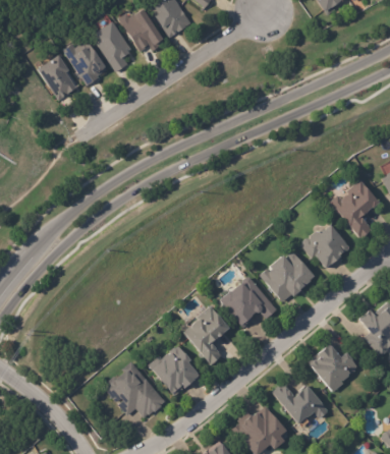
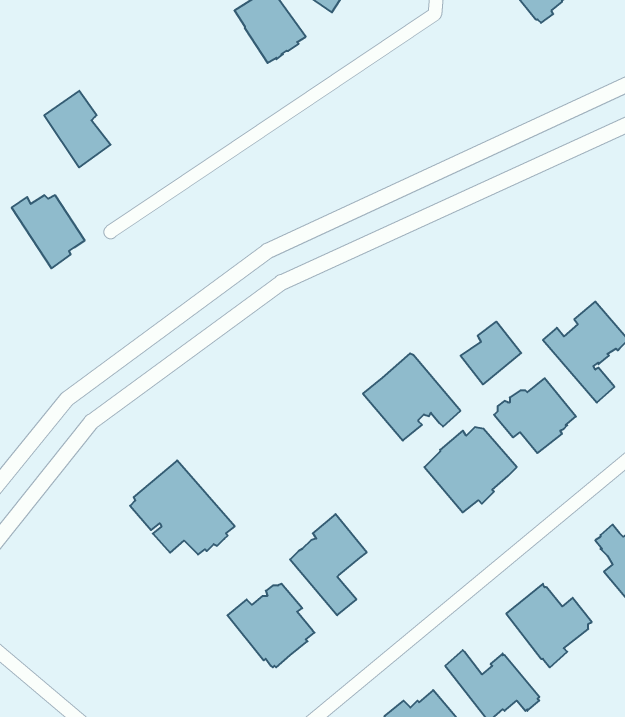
building: [120,11,166,54] -> none
building: [94,23,132,74] -> none
building: [64,44,107,87] -> [12,195,85,268]
building: none -> [461,322,521,384]
building: [221,277,278,328] -> [363,353,460,441]
building: [103,359,164,414] -> [130,460,235,555]

